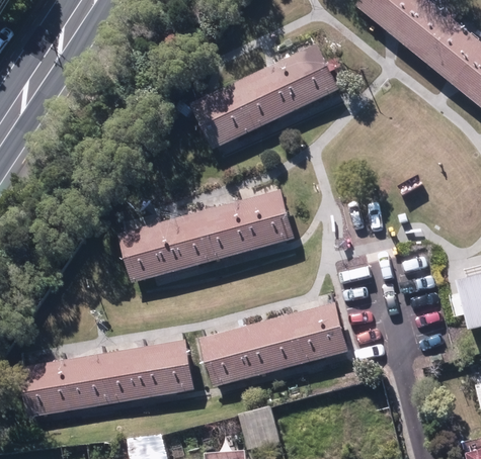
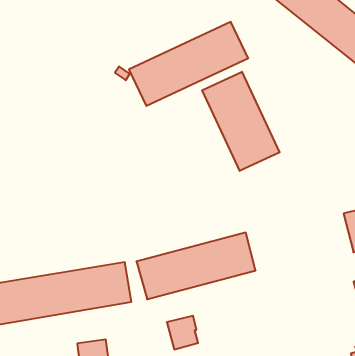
building: none -> [202,72,280,171]
building: [122,190,295,280] -> none

